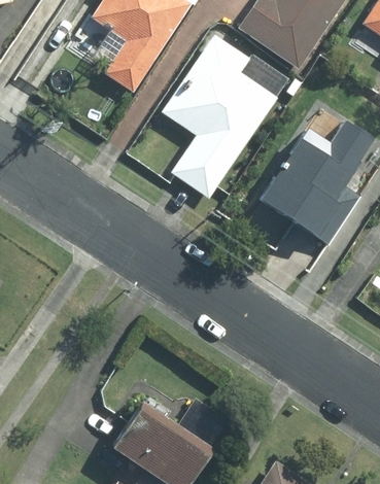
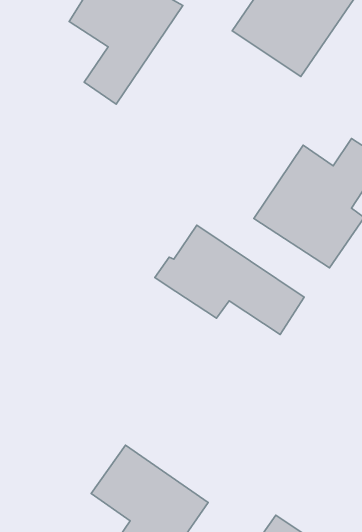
building: [164,37,276,197] -> none
building: none -> [155,225,304,335]

